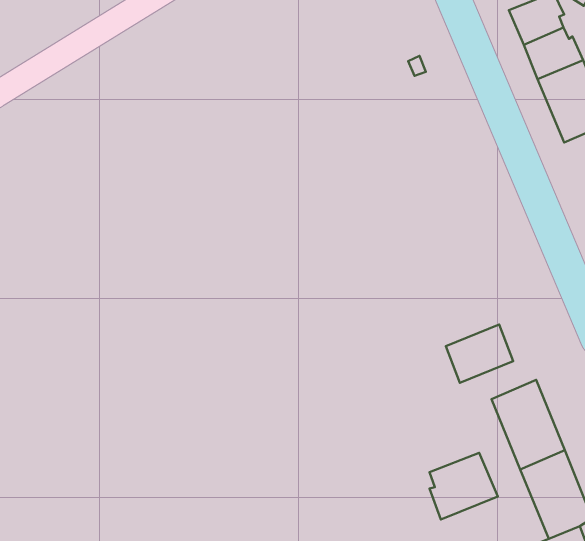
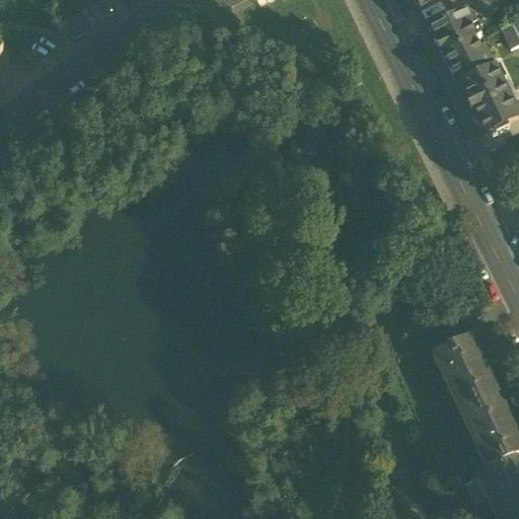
building: [446,324,513,383] -> none
building: [429,453,498,520] -> none

